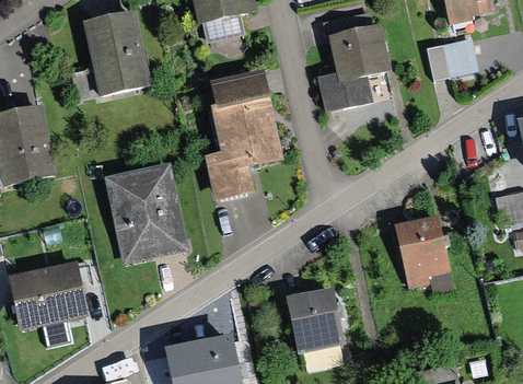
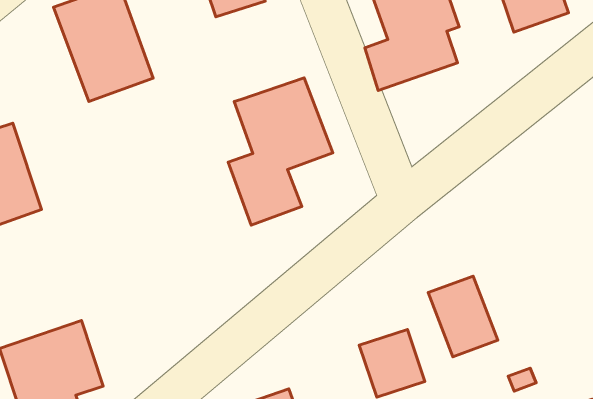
building: [211,69,268,107] -> none
building: [105,162,188,264] -> none
building: [394,225,443,286] -> [428,276,498,357]

